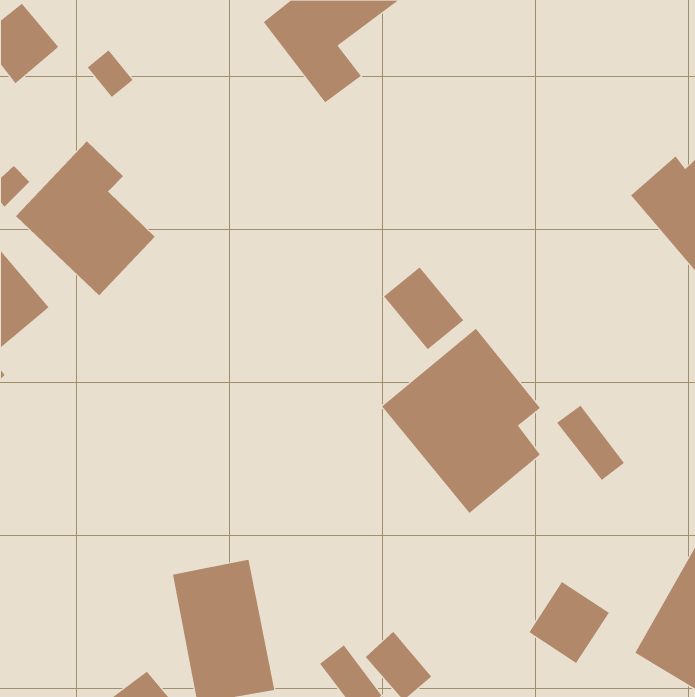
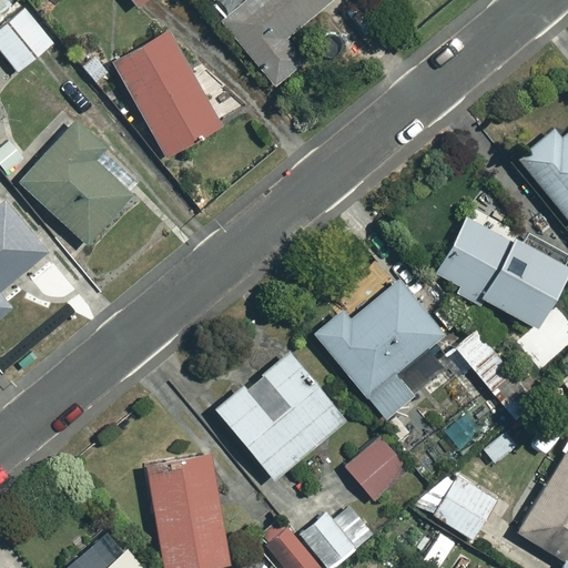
building: none -> [113,32,220,156]
building: none -> [429,217,560,329]
building: [383,266,464,350] -> none
building: none -> [220,349,348,478]
building: none -> [346,437,409,501]

